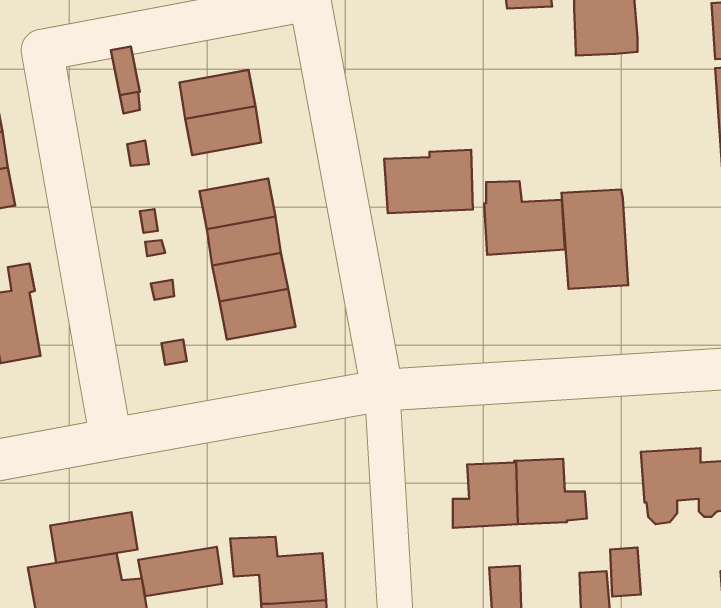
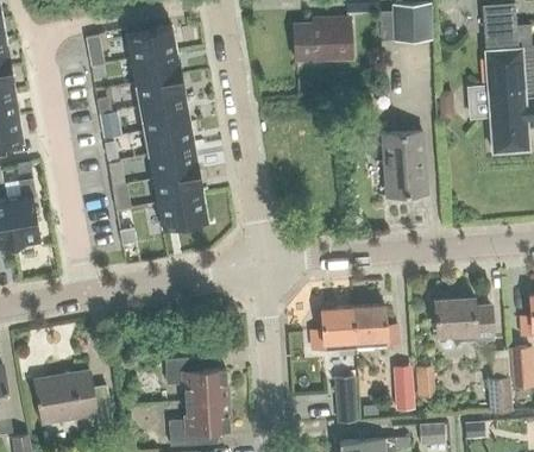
building: none -> [126,26,176,59]
building: none -> [139,99,189,131]
building: [384,150,473,213] -> [291,18,350,59]
building: [484,181,565,255] -> none
building: [50,512,137,563] -> none
building: [138,547,222,596] -> none

